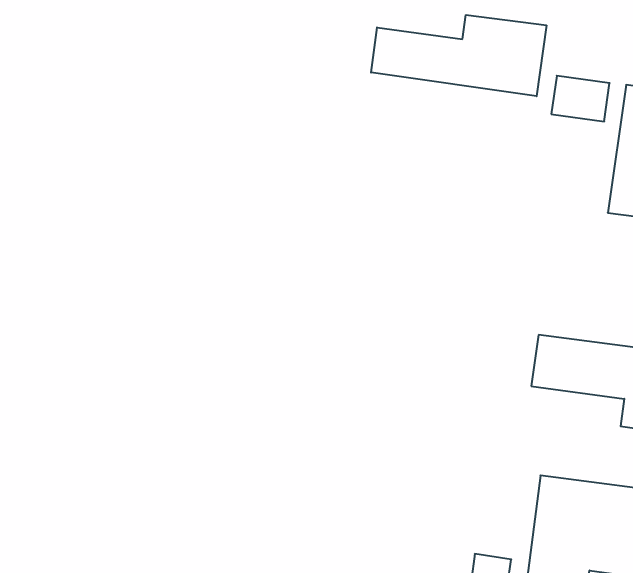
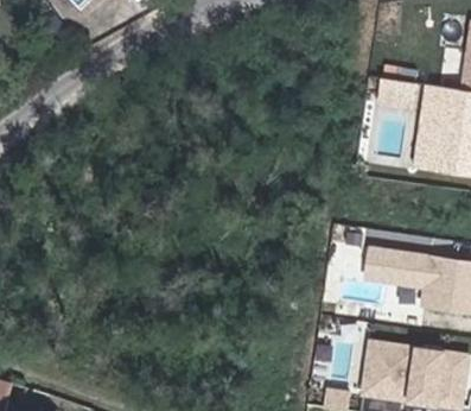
building: [371,15,546,96] -> none

